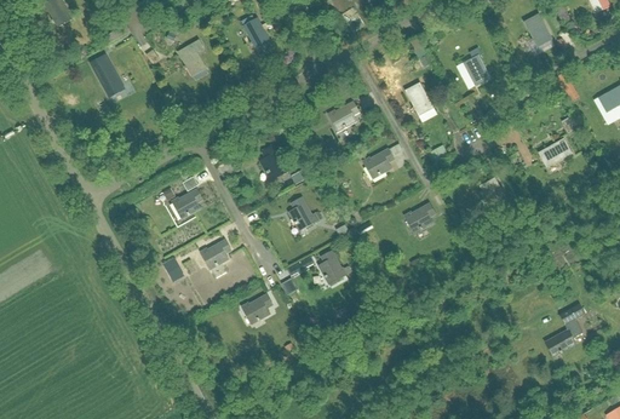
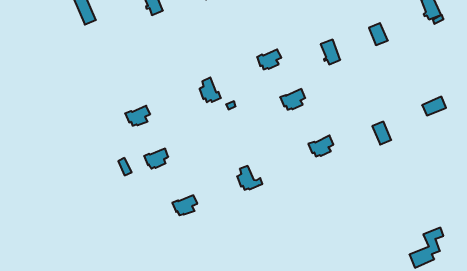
building: [288,196,322,228] -> none

